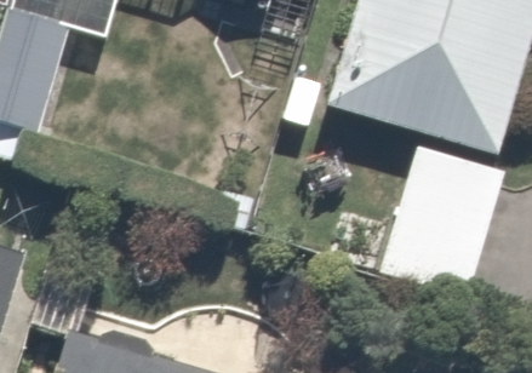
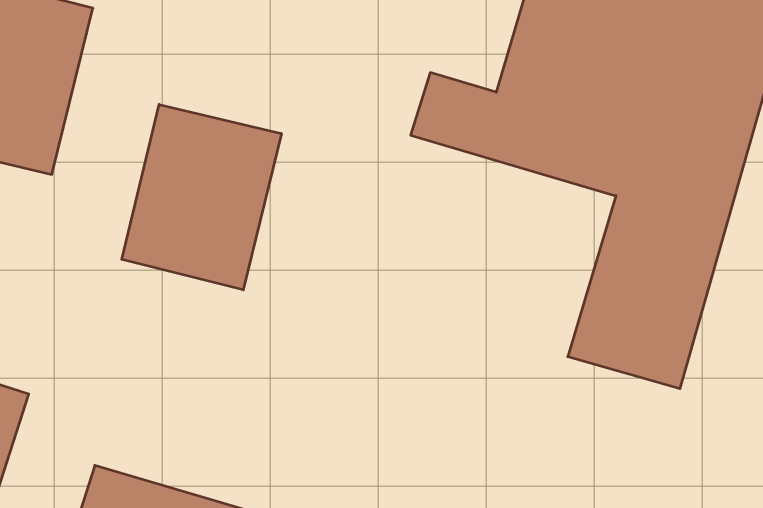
building: none -> [122,104,281,290]

